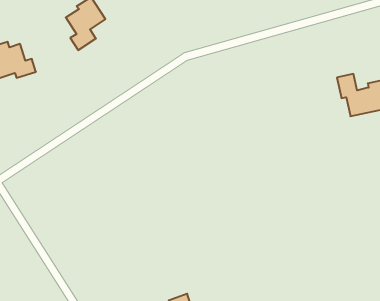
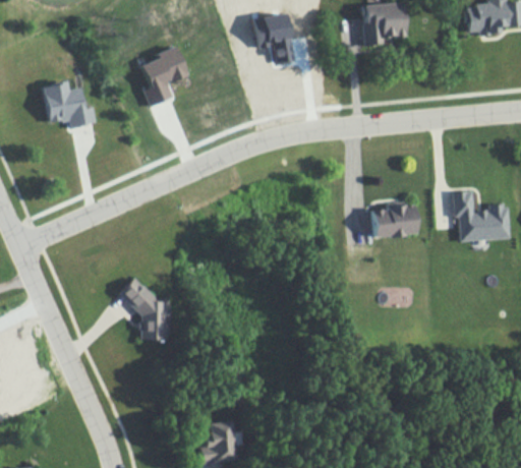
building: none -> [372,206,415,236]
building: none -> [118,277,166,340]

